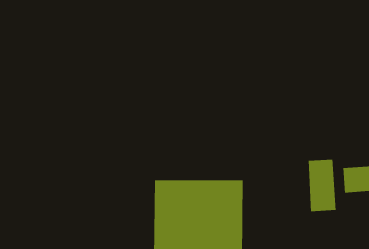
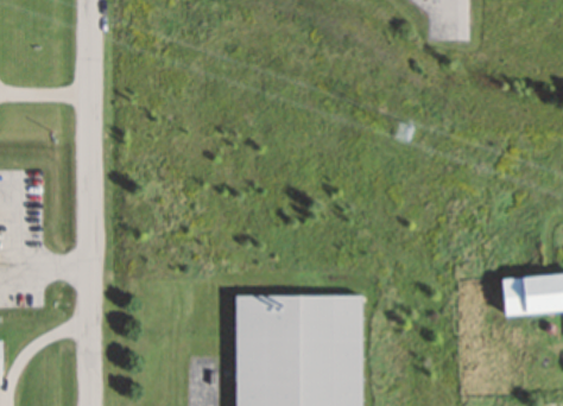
building: [308,159,336,212] -> none

